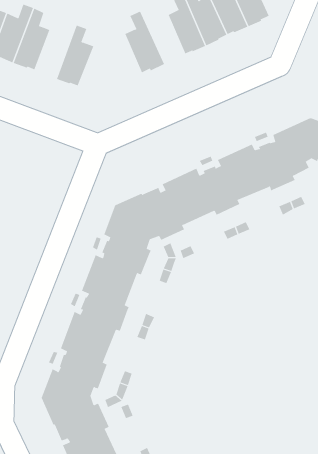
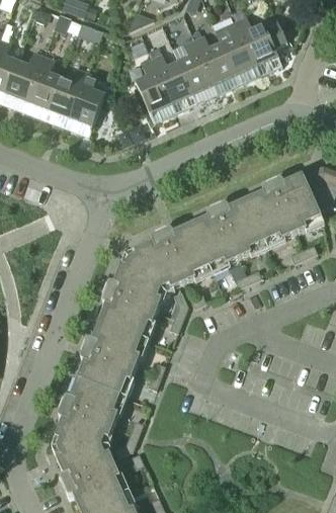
building: none -> [151,51,195,109]
building: none -> [45,66,86,124]

